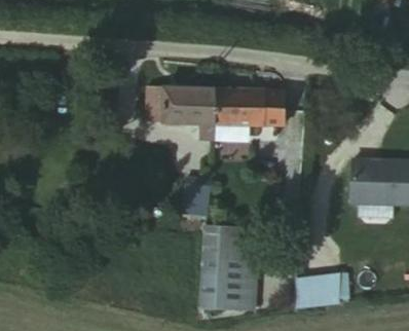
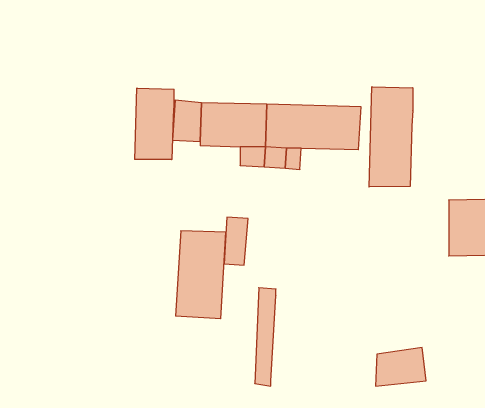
building: none -> [369,87,413,187]
building: none -> [135,88,174,160]
building: [216,236,255,304] -> [176,231,226,319]

